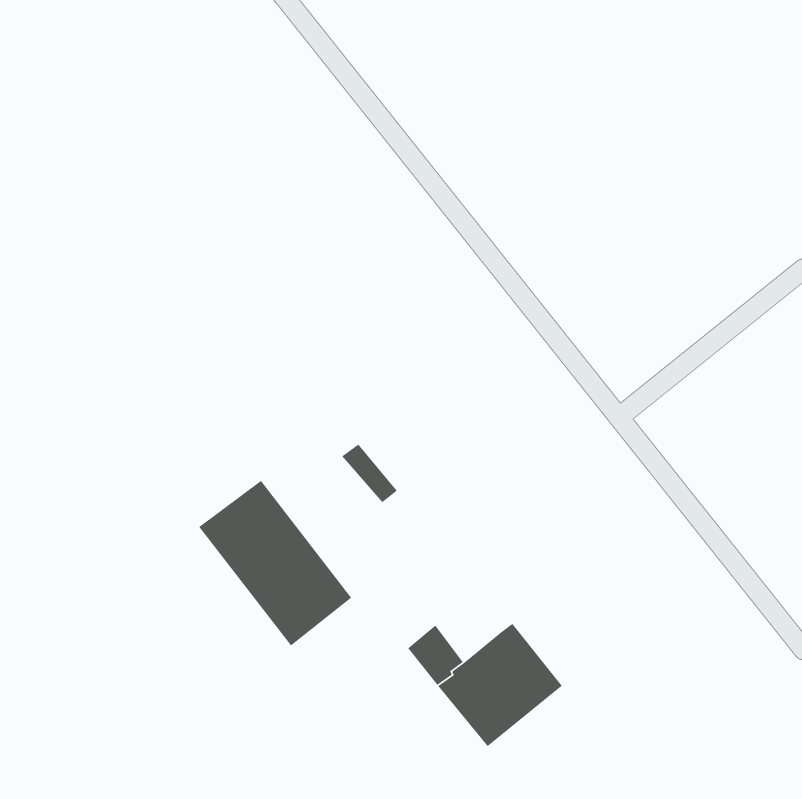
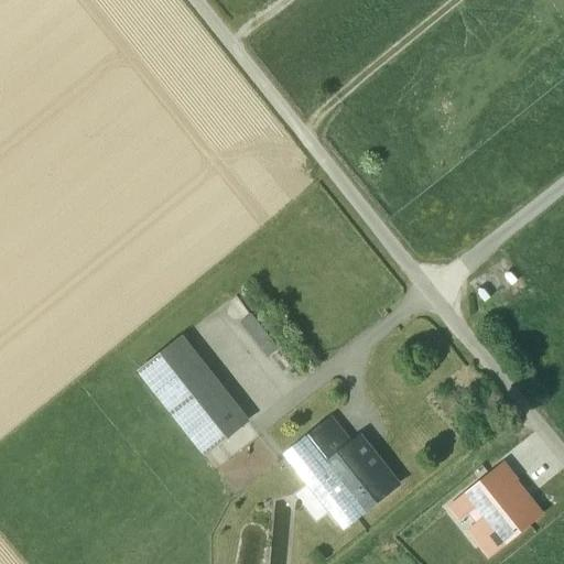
building: none -> [306,417,351,464]
building: none -> [448,463,541,554]

